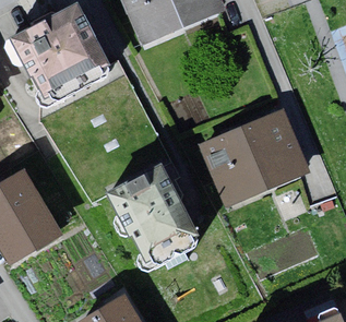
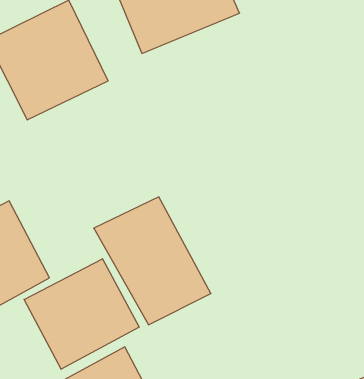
building: [198,108,310,207] -> none
building: none -> [24,259,139,369]

